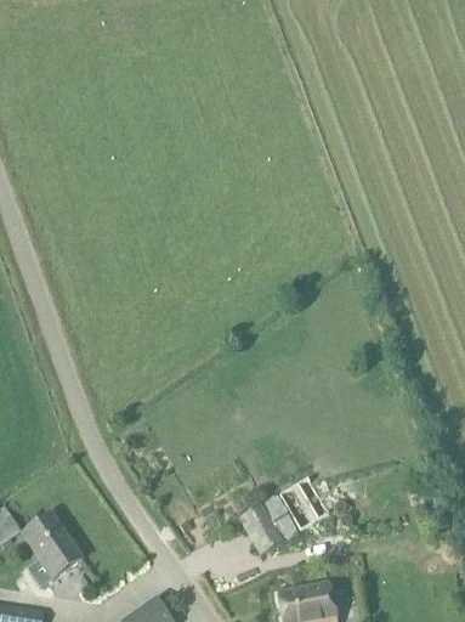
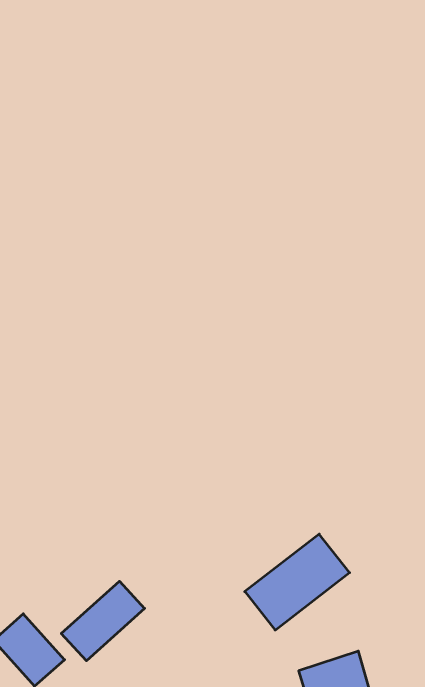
building: none -> [61,581,145,661]

